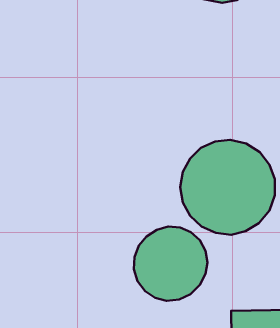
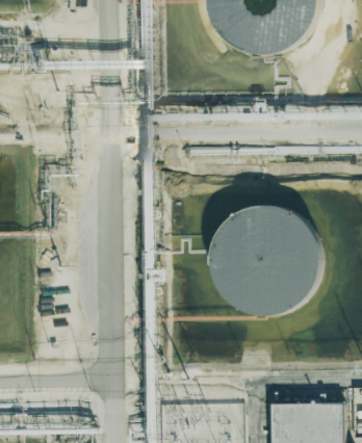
building: [134,227,207,301] -> none

